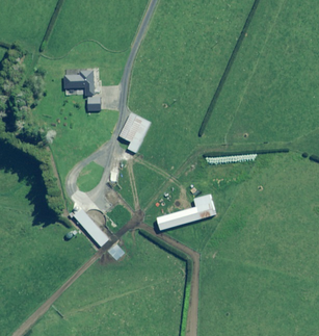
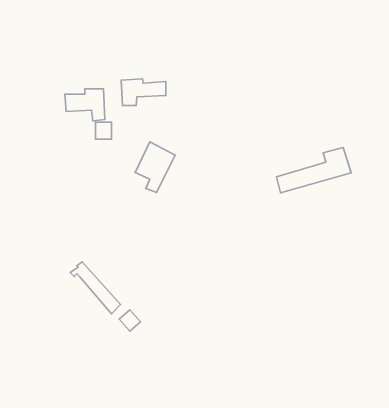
building: none -> [121,79,166,106]
building: [158,195,216,230] -> [277,148,351,193]

